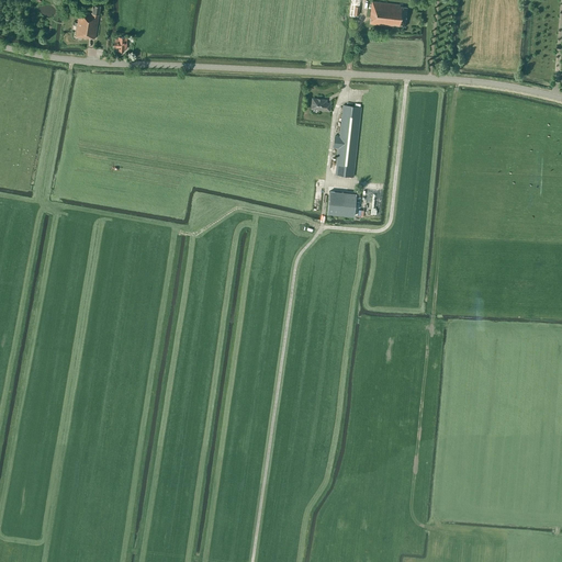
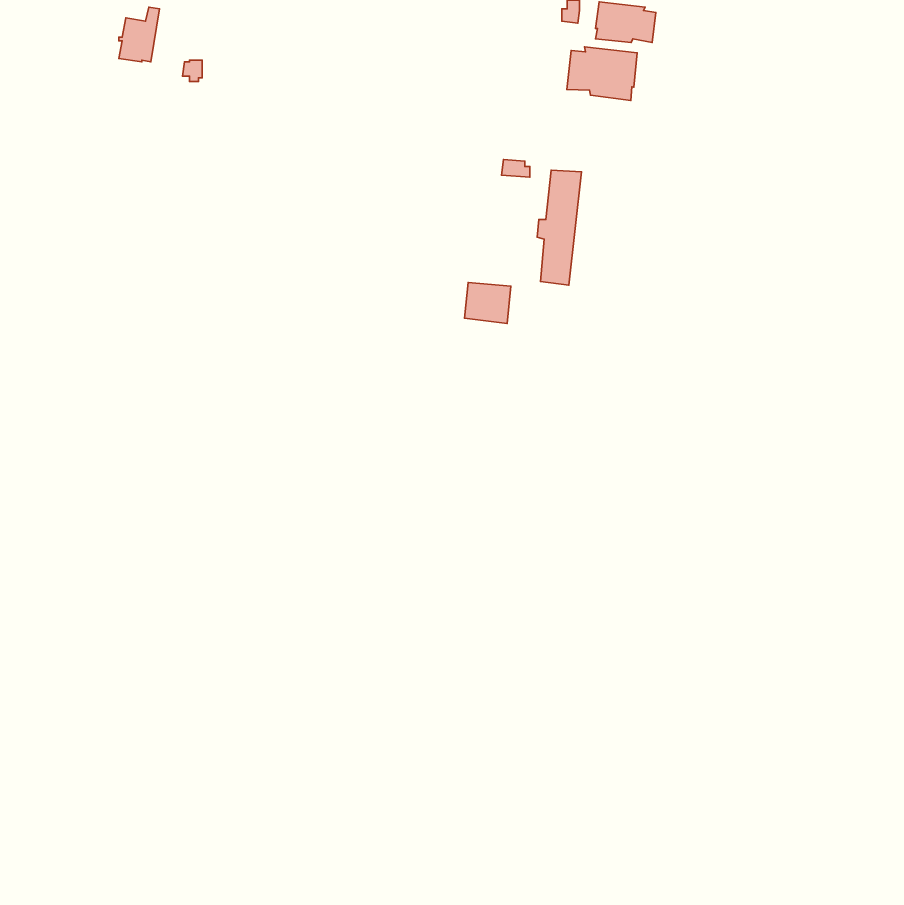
building: none -> [567,47,637,101]
building: [326,191,355,216] -> [465,283,511,323]

